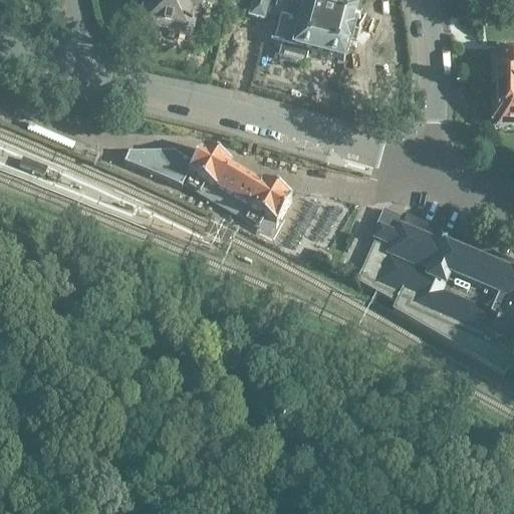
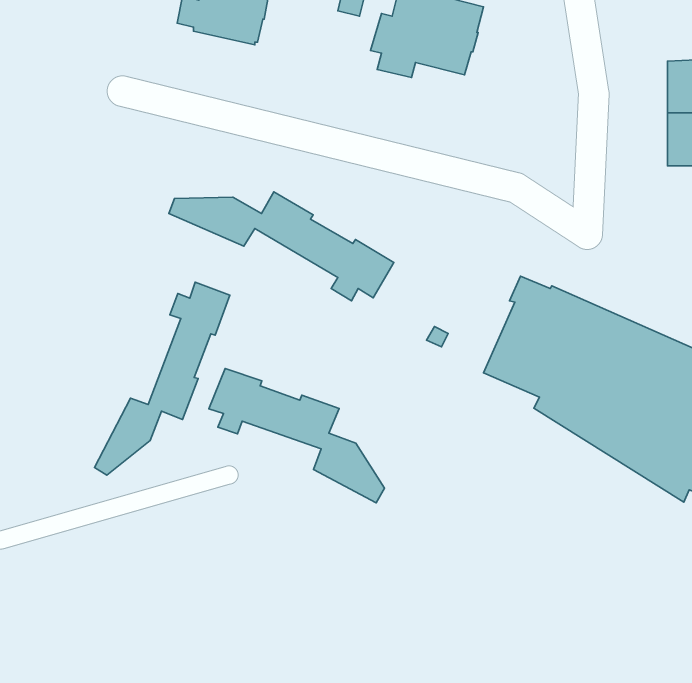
building: none -> [95,282,230,475]
building: none -> [209,369,385,503]

